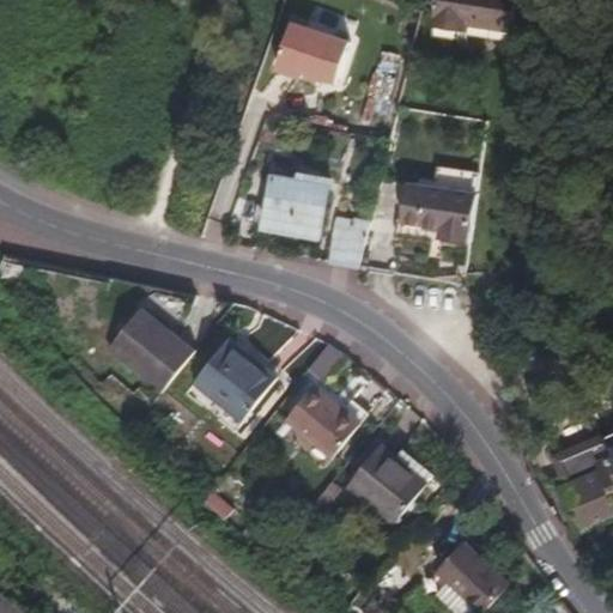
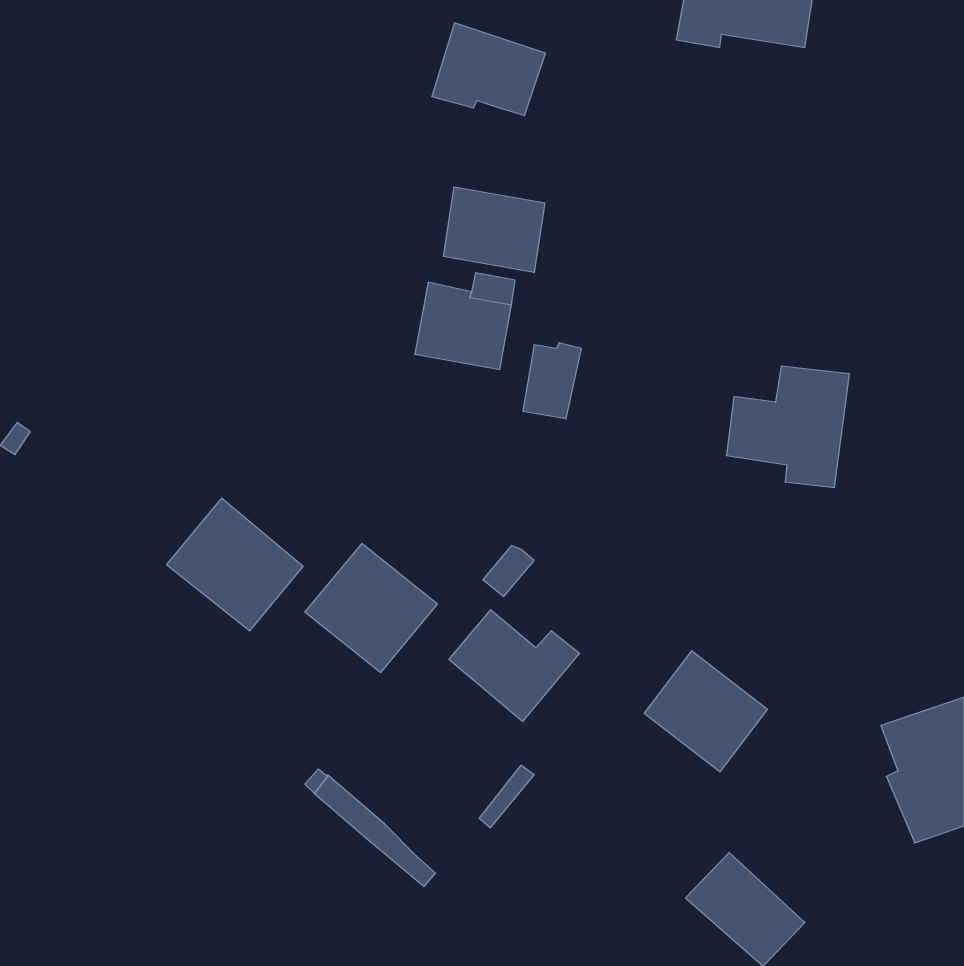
building: none -> [443,187,545,273]
building: [402,164,480,241] -> [726,366,849,488]
building: [347,445,425,522] -> [644,651,767,772]

